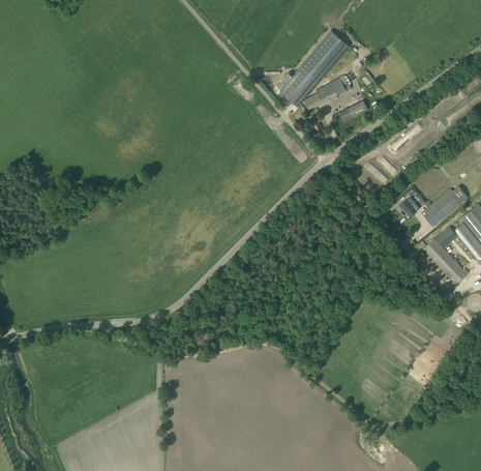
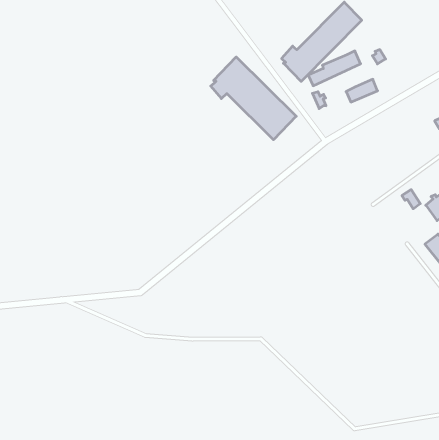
building: none -> [211,57,296,140]

